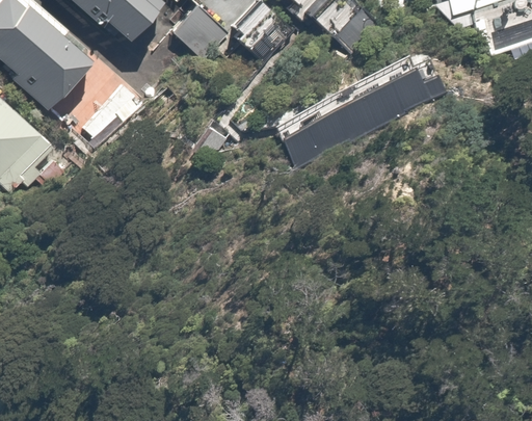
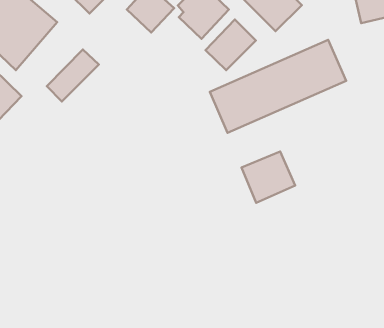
building: none -> [205,19,256,70]
building: none -> [242,151,295,203]

